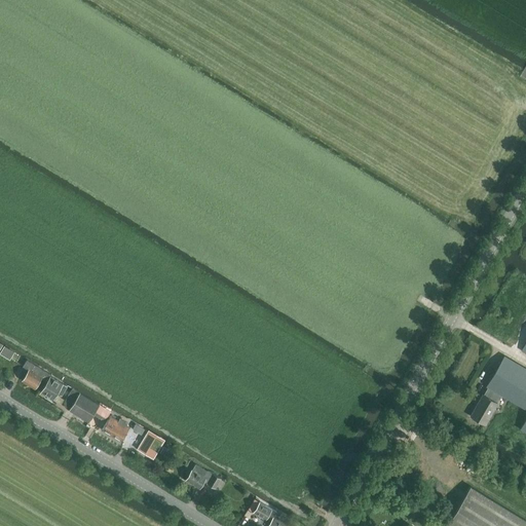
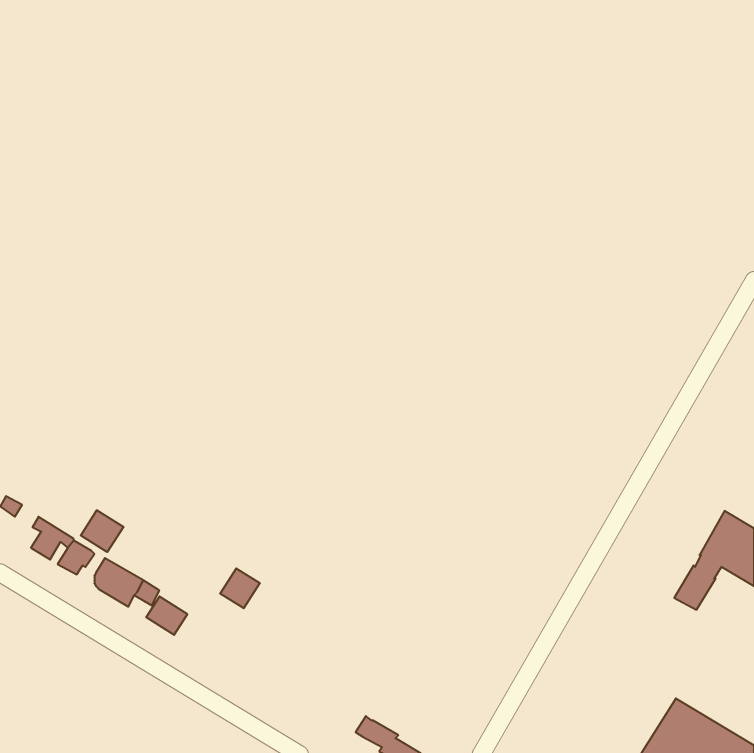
building: none -> [81,510,123,552]
building: [137,433,164,460] -> [220,568,260,608]
building: [185,464,222,490] -> none

